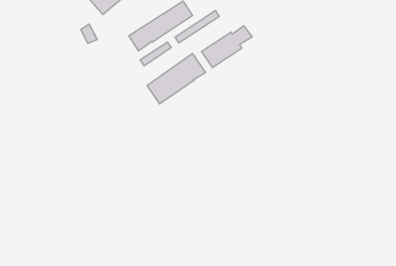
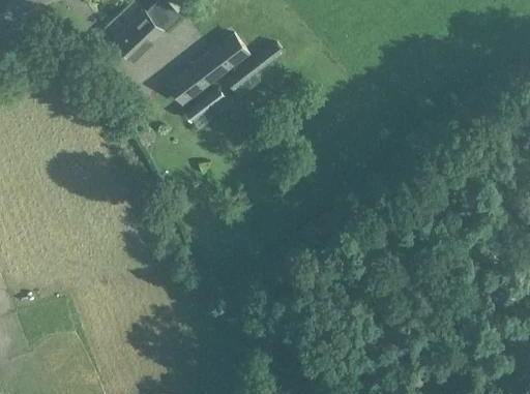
building: [202,26,252,67] -> none
building: [147,54,206,104] -> none

